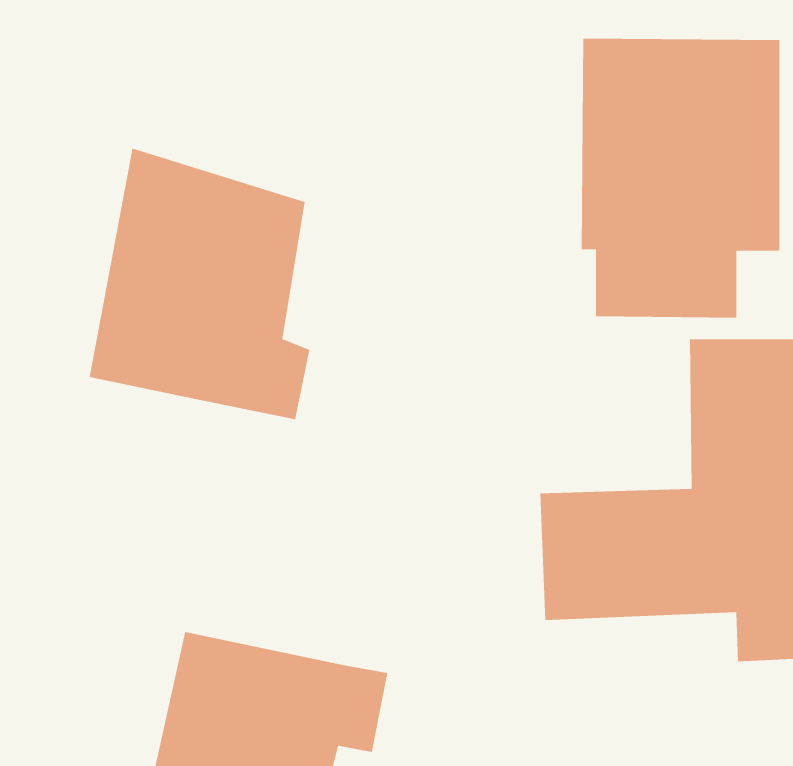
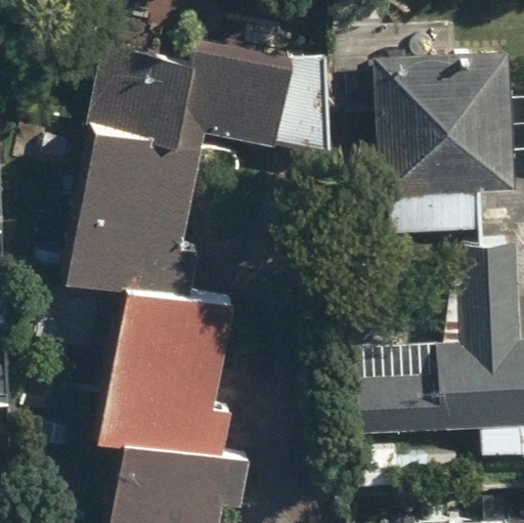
building: none -> [91,43,196,144]
building: none -> [202,48,333,155]
building: none -> [97,286,237,457]

